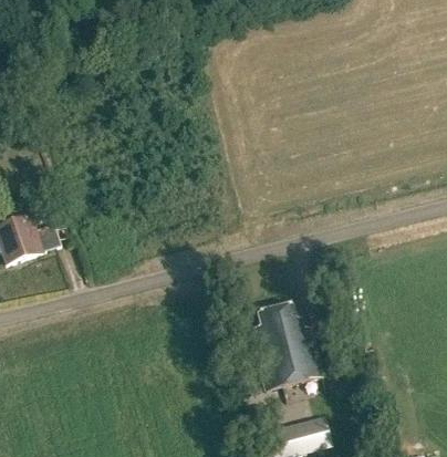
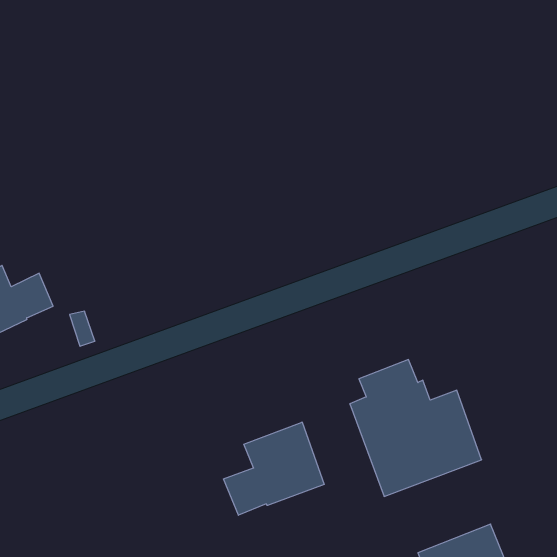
building: none -> [223,422,324,515]

